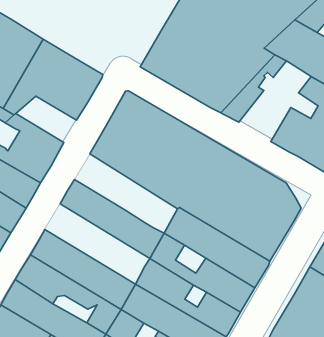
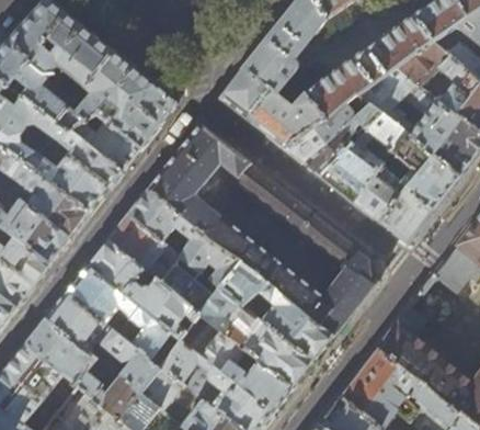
building: none -> [319,113,407,201]
building: none -> [71,115,138,171]
building: none -> [127,188,238,287]
building: none -> [87,239,199,340]

